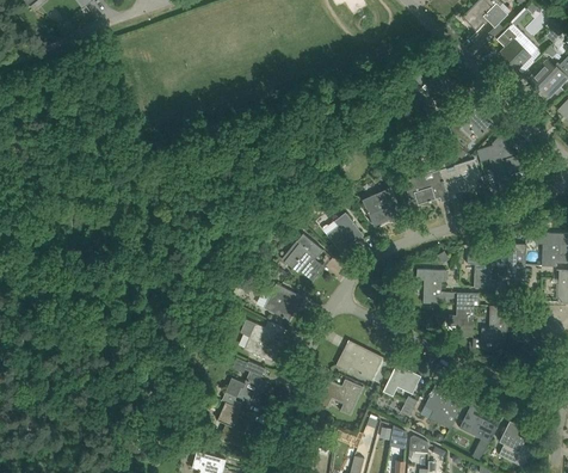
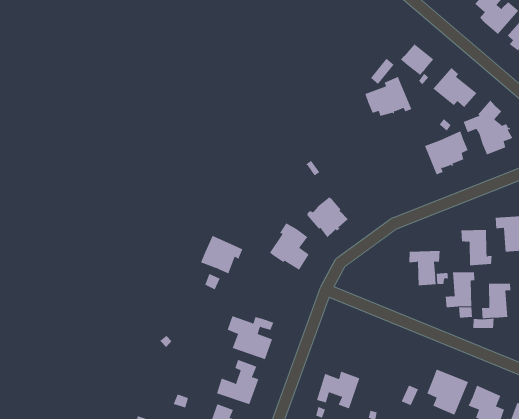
building: [403,167,447,204] -> [364,76,412,117]
building: [362,188,402,225] -> none
building: [263,283,304,321] -> [200,235,243,274]
building: [335,343,382,381] -> none
building: [382,364,420,397] -> none

